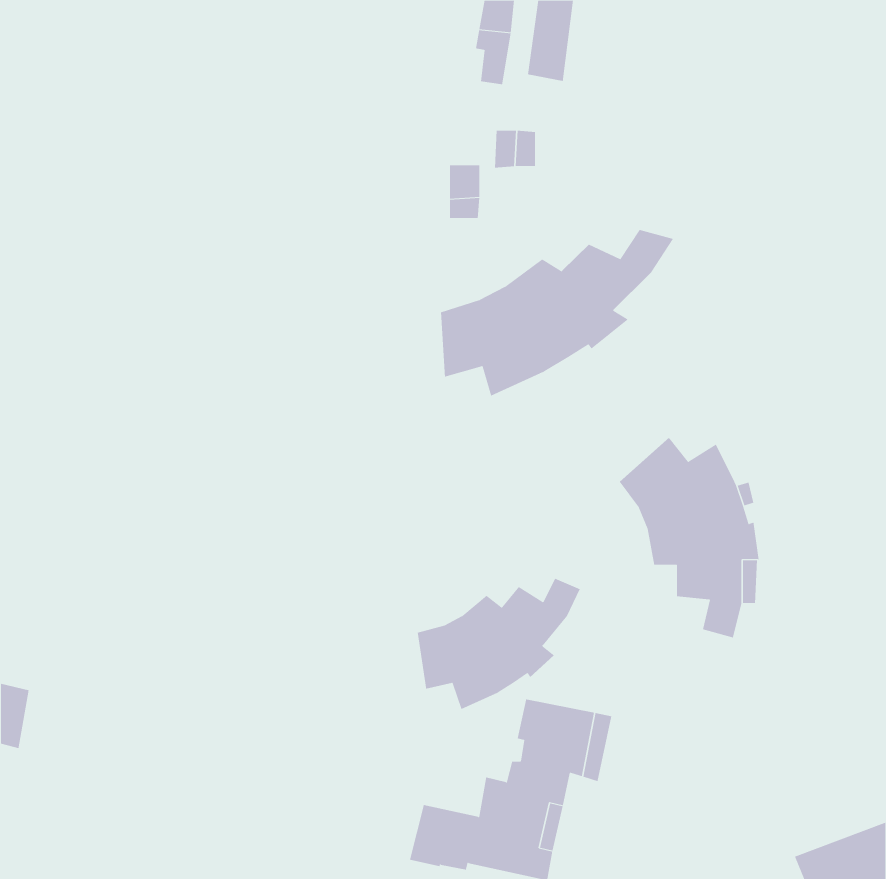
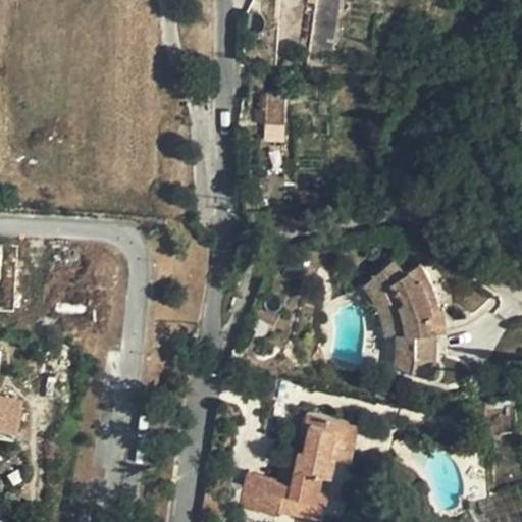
building: [440,229,674,396] -> none
building: [417,578,580,710] -> none

